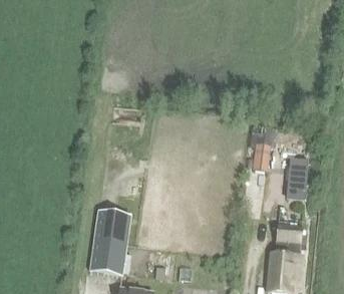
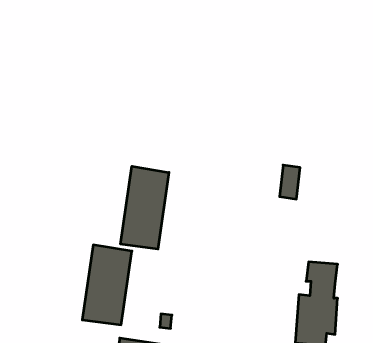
building: none -> [121,166,169,249]
building: [286,158,308,200] -> none

